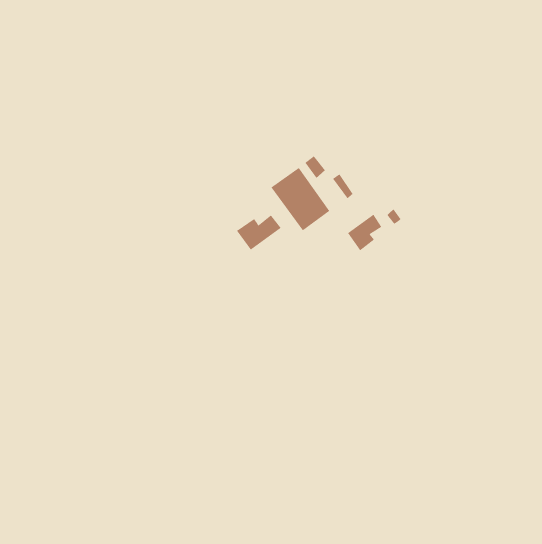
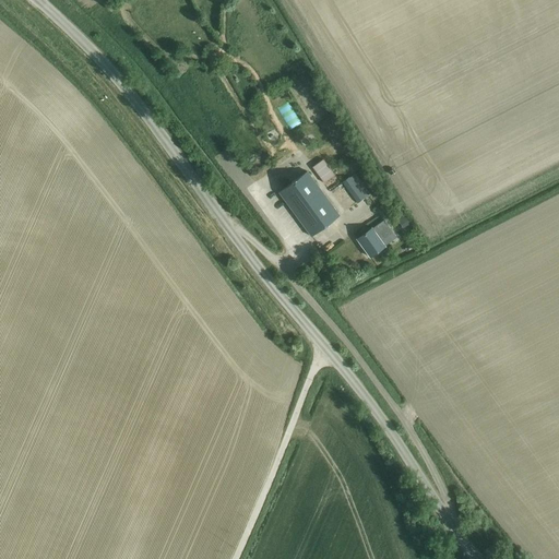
building: [236,214,282,250] -> none

